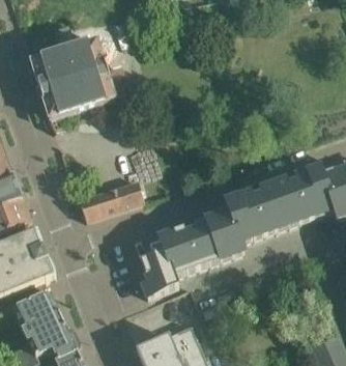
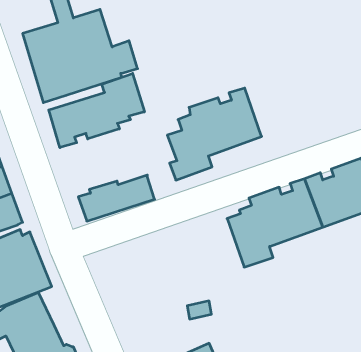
building: none -> [49,73,144,148]
building: [139,218,220,297] -> [167,88,262,180]

